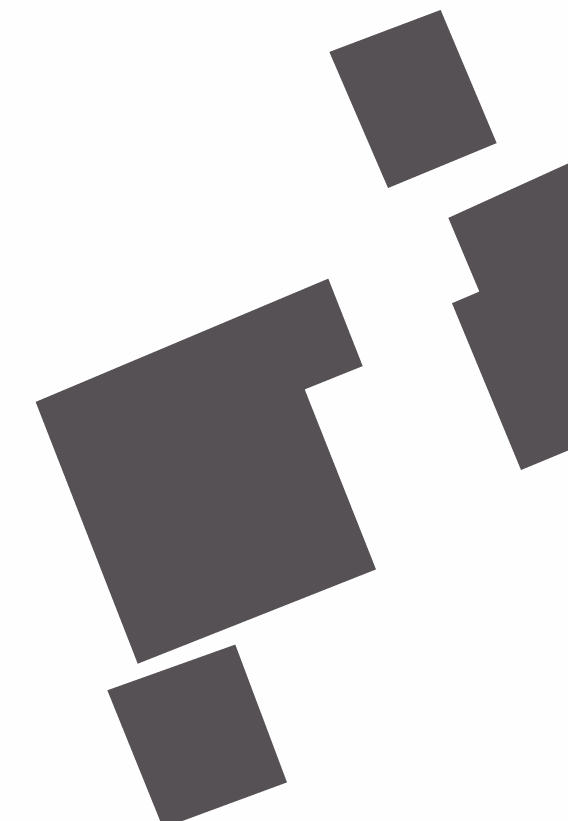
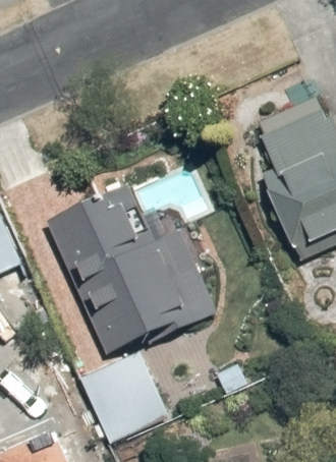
building: [328,9,498,189] -> none

